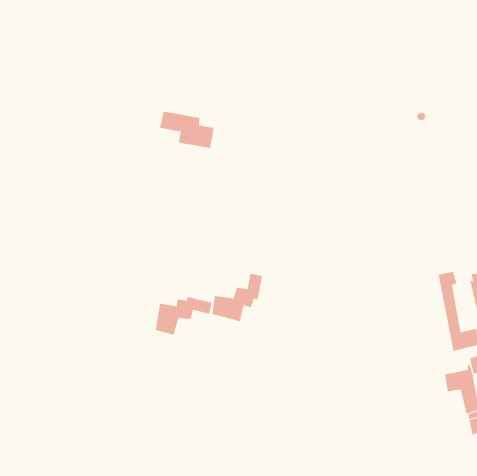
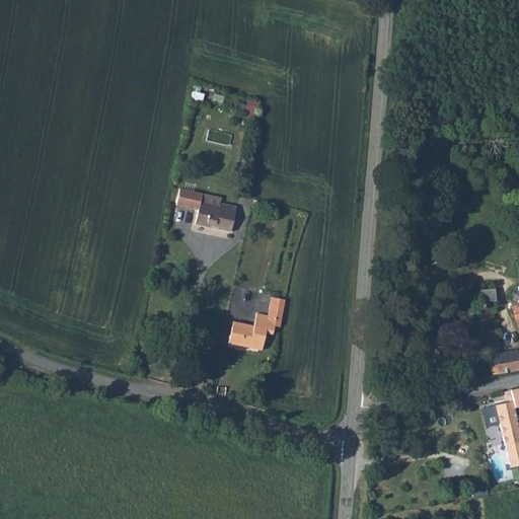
building: [159,111,214,149] -> [176,188,236,228]
building: [155,296,212,336] -> none

